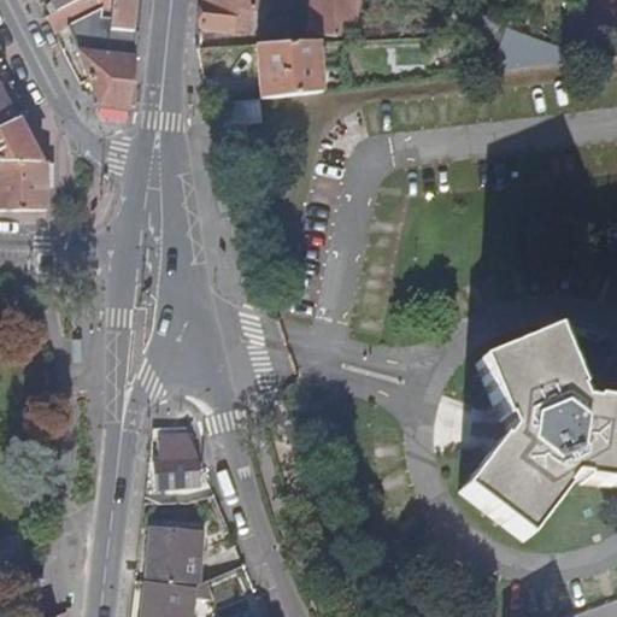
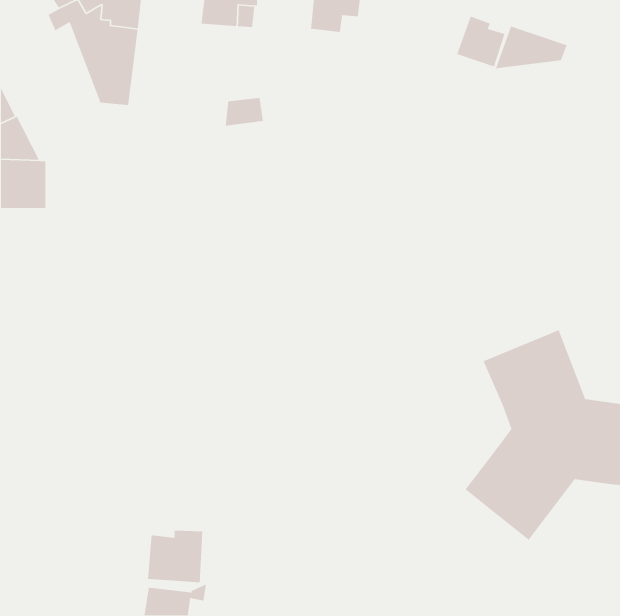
building: none -> [456,15,506,67]
building: [259,39,322,96] -> none
building: [154,447,199,483] -> none

